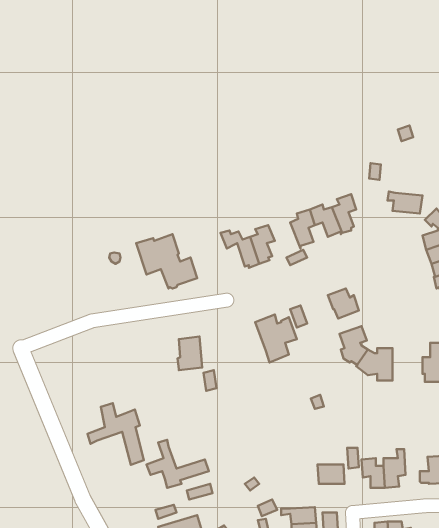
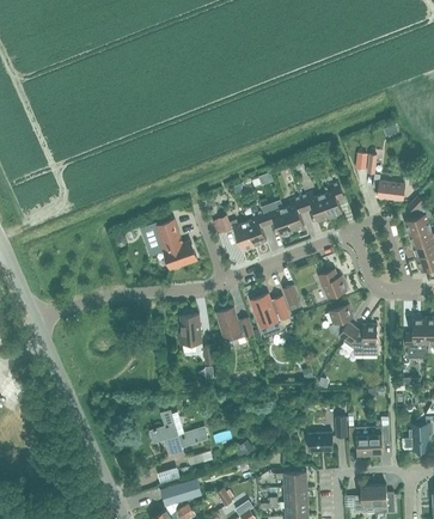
building: none -> [262,202,293,237]
building: none -> [216,309,253,343]
building: [87,403,144,465] -> none

